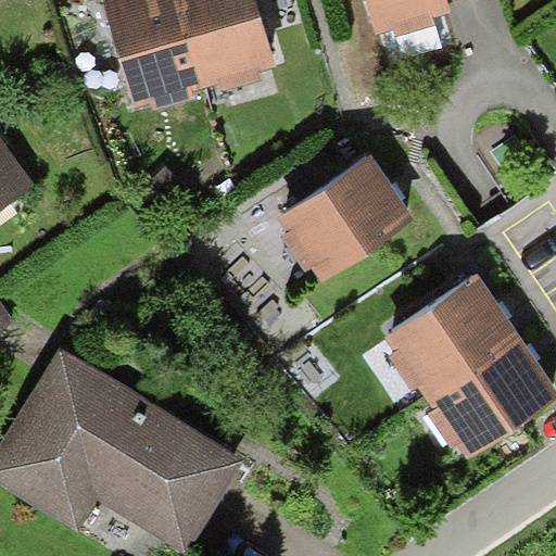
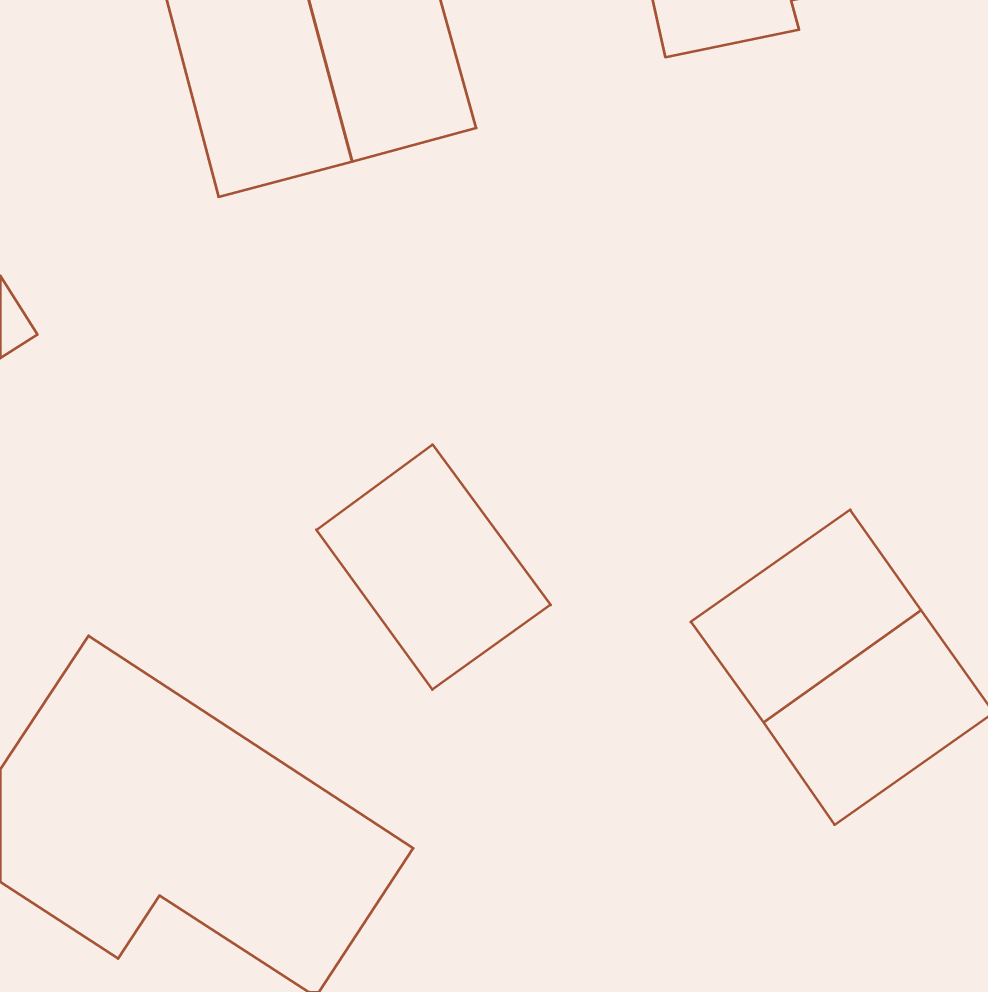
building: [282,159,409,279] -> none
building: none -> [316,445,551,690]

